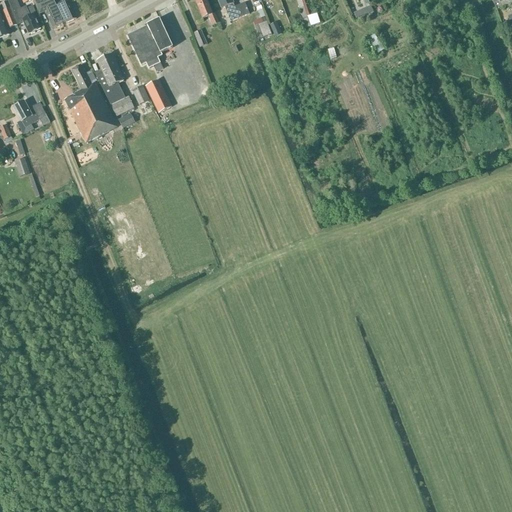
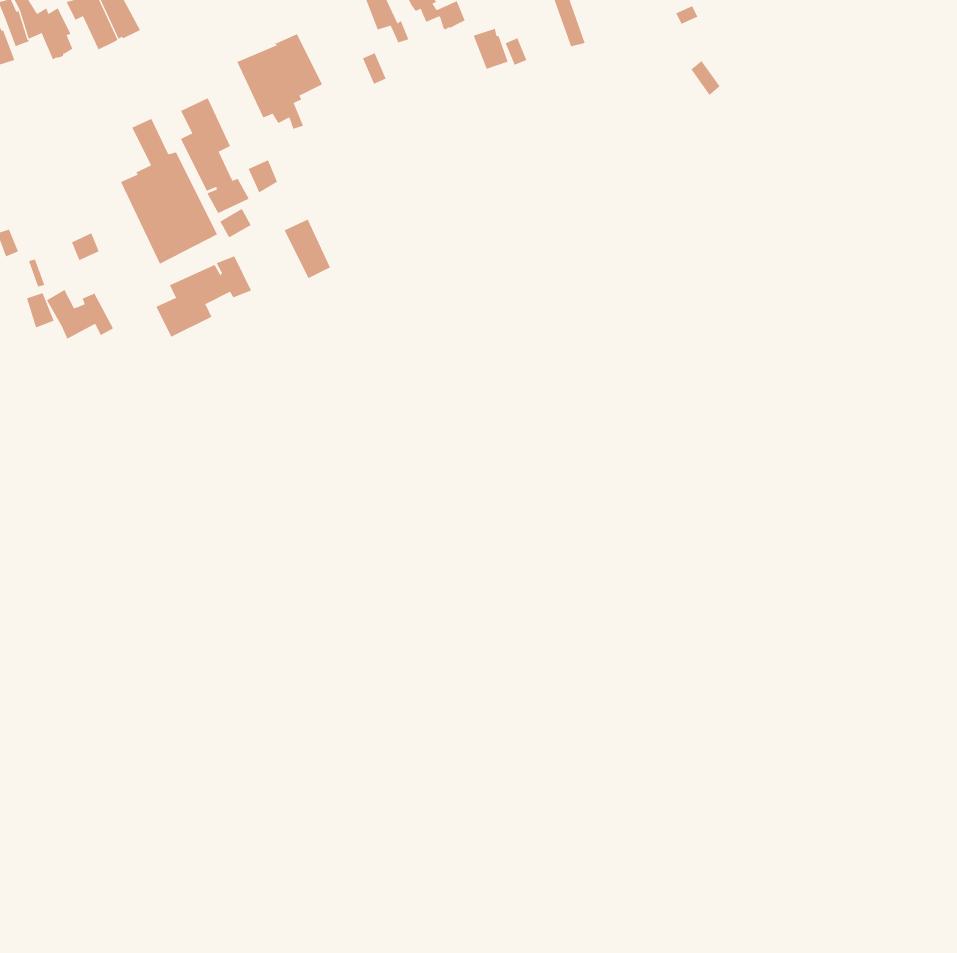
building: [145,78,170,110] -> [284,219,331,279]
building: [13,99,49,126] -> [46,289,114,340]
building: none -> [156,255,252,338]

